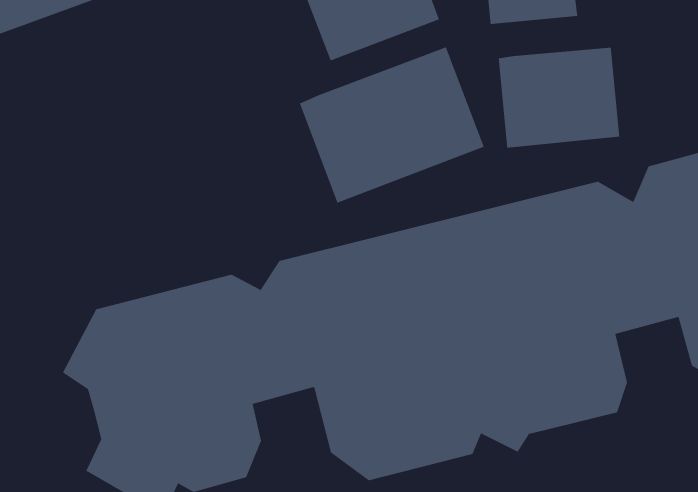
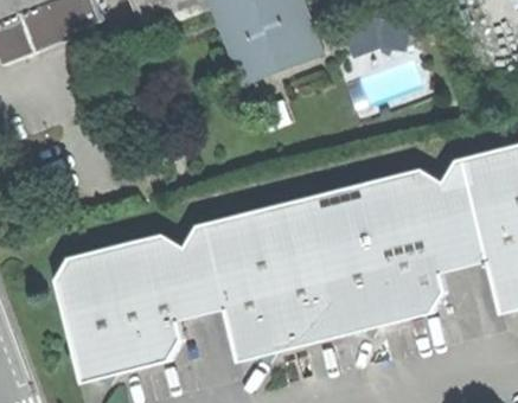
building: [299,47,484,204] -> none
building: [498,47,620,148] -> none

